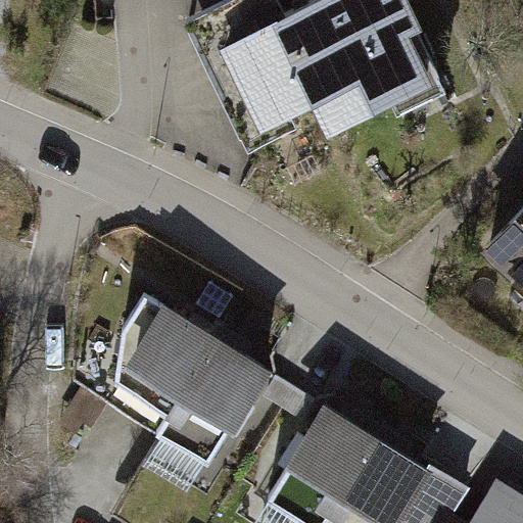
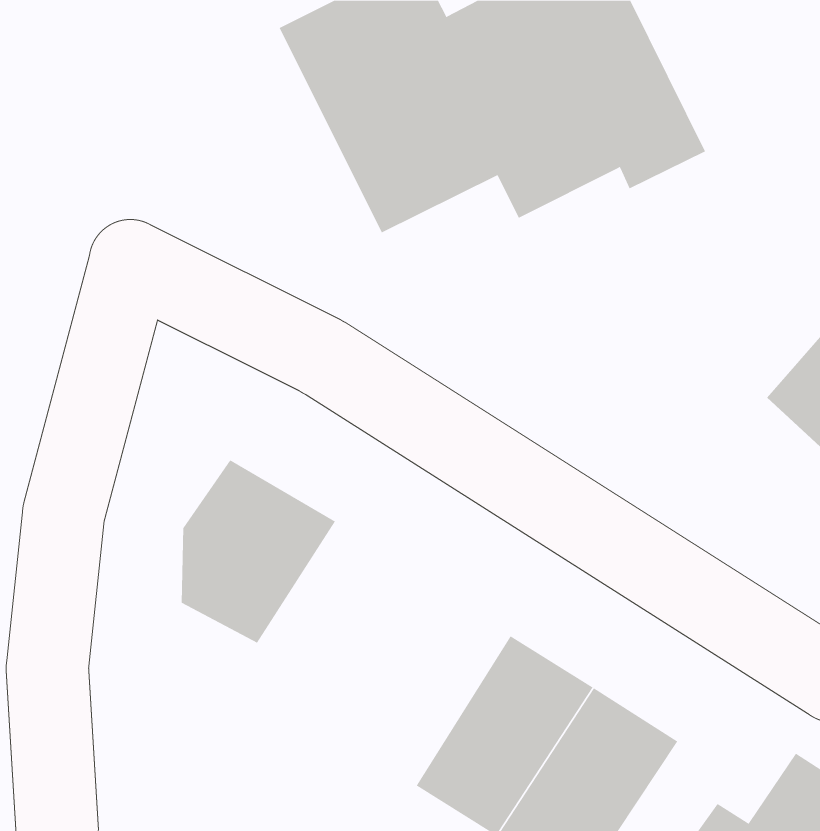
building: [158,328,282,459] -> none

